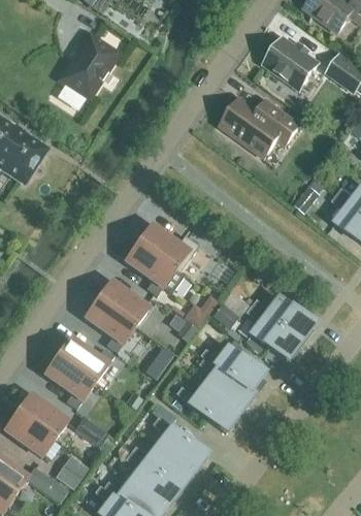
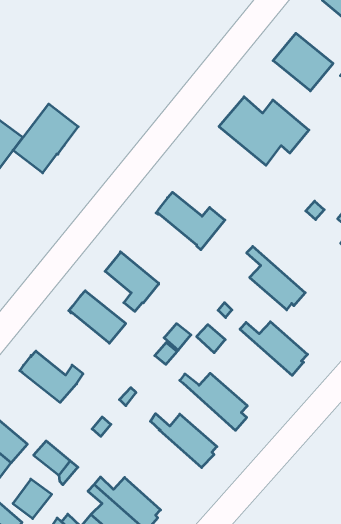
building: [61,34,118,96] -> [13,104,78,173]
building: [137,223,199,272] -> [156,192,225,250]
building: [87,299,135,352] -> none
building: [245,304,300,359] -> [247,246,305,310]
building: [46,356,95,408] -> none
building: [198,356,253,411] -> none
building: [153,416,207,471] -> none

